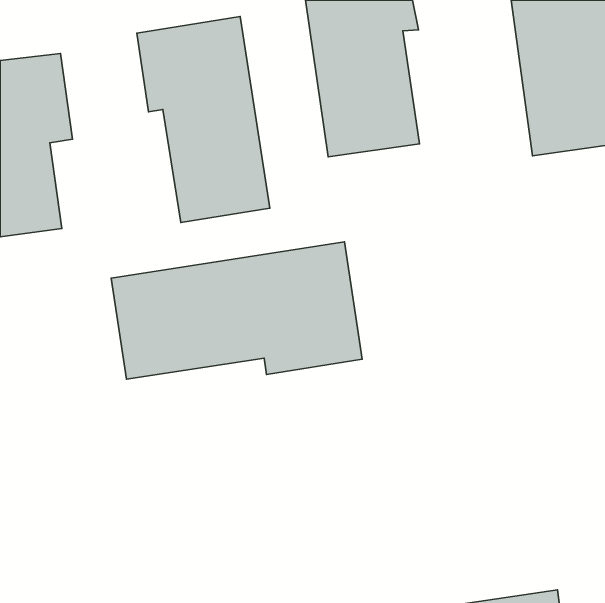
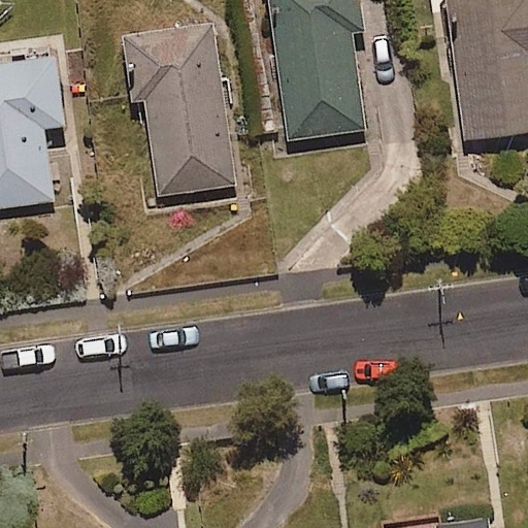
building: [111,242,362,379] -> none

